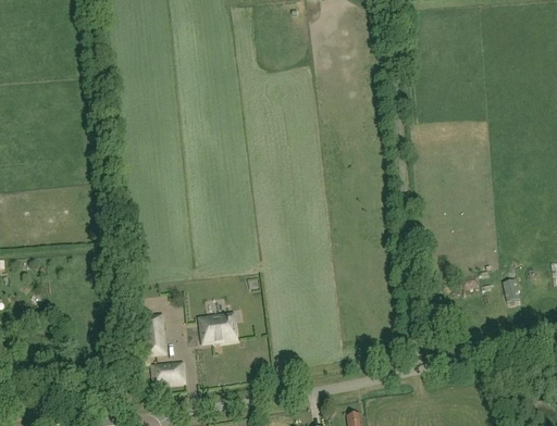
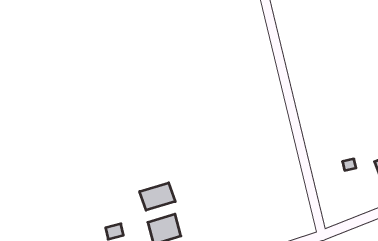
building: none -> [140,183,175,210]

